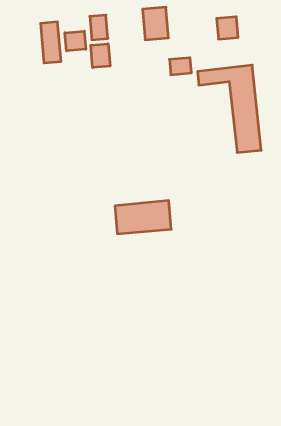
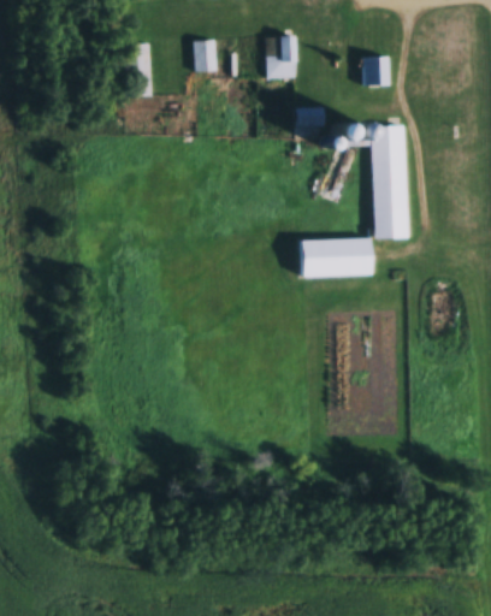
building: [65,31,86,51] -> none
building: [91,44,110,68] -> none
building: [115,201,171,234] -> [300,238,372,277]

